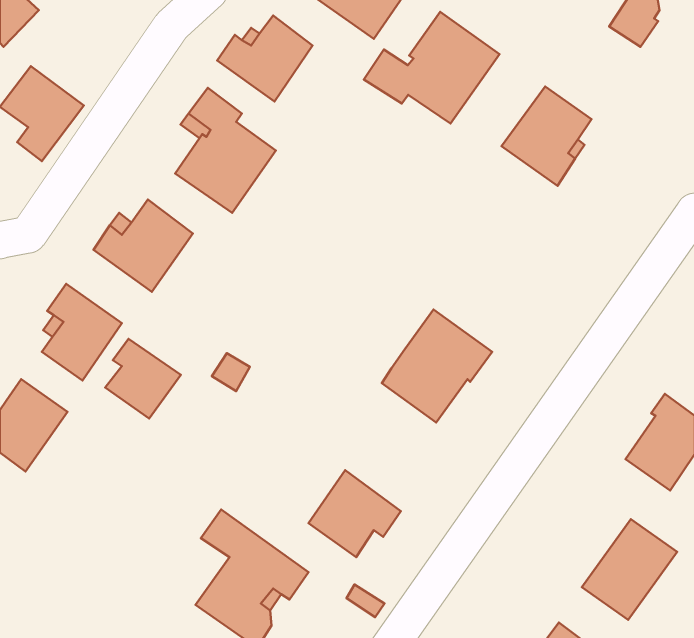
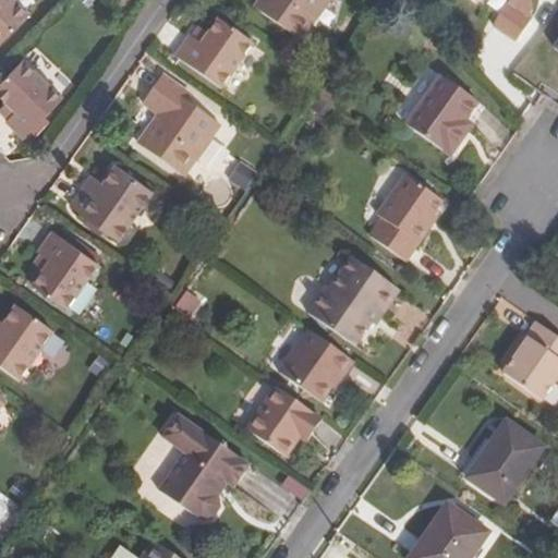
building: [364,12,500,124] -> none
building: none -> [367,173,439,259]
building: [105,339,181,418] -> none
building: none -> [277,328,352,398]

